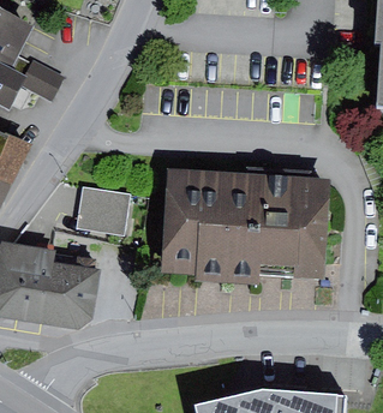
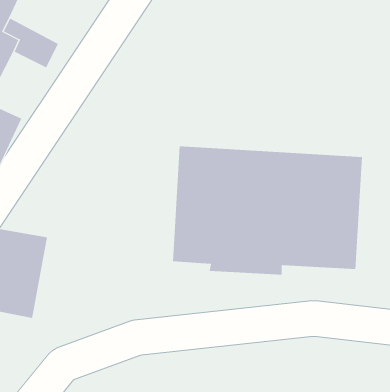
building: [74,186,130,237] -> none
building: [38,250,101,329] -> none

